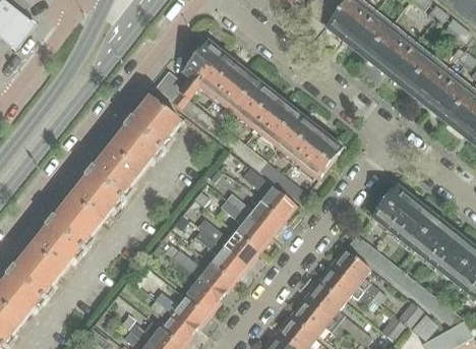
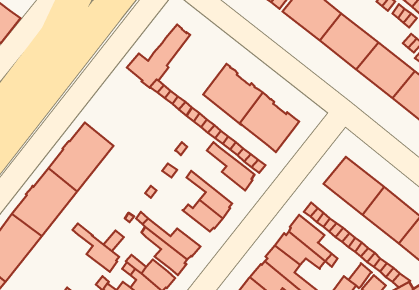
building: [199,51,264,116] -> none
building: [110,97,181,172] -> none
building: [226,193,285,235] -> none
building: [195,229,246,282] -> [72,223,119,272]

